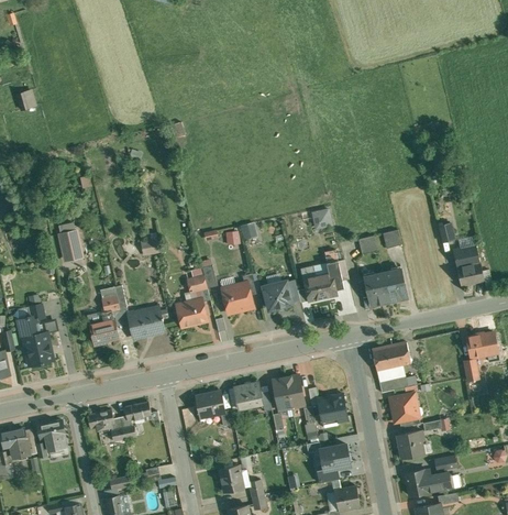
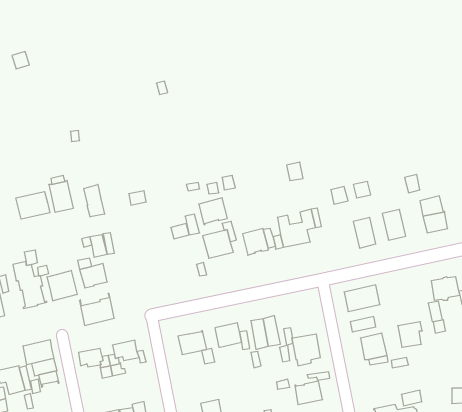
building: none -> [84,184,104,217]
building: none -> [16,192,50,219]
building: [364,273,389,306] -> [382,209,406,240]
building: [176,298,207,327] -> [199,198,227,225]
building: [126,304,164,338] -> [79,294,114,325]
building: none -> [47,270,77,301]
building: none -> [23,340,54,365]
building: [398,430,424,458] -> [398,322,422,347]

